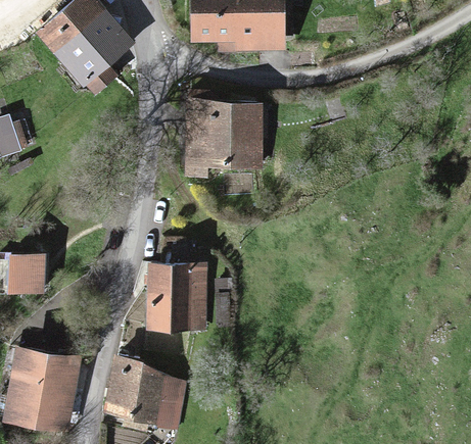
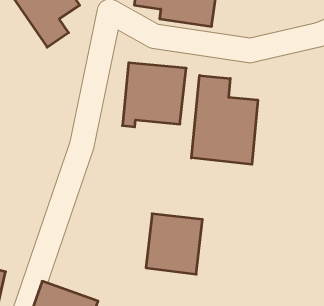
building: none -> [191,75,258,164]
building: [149,266,207,330] -> [146,214,202,274]

